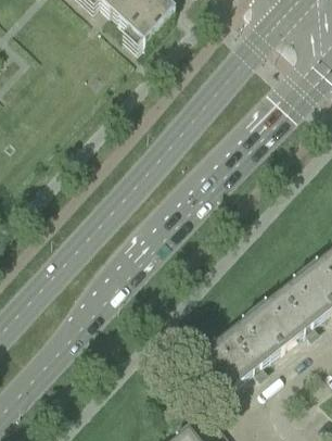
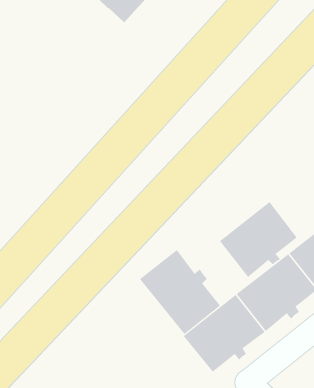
building: none -> [219,201,298,278]
building: none -> [139,249,221,335]

